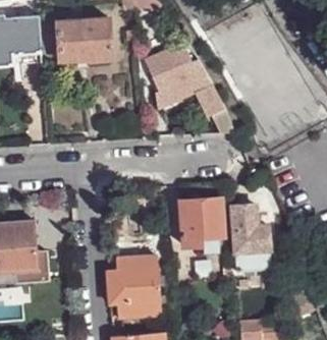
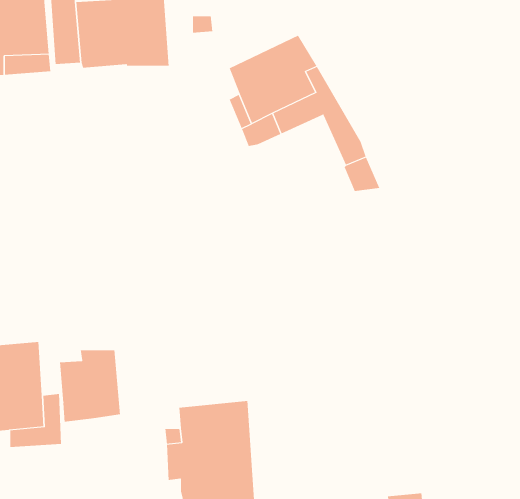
building: [180,197,223,246] -> none
building: [230,205,269,271] -> none
building: none -> [60,349,120,423]

